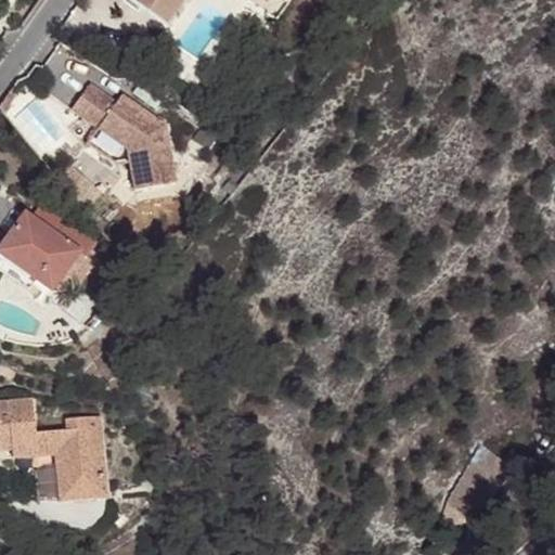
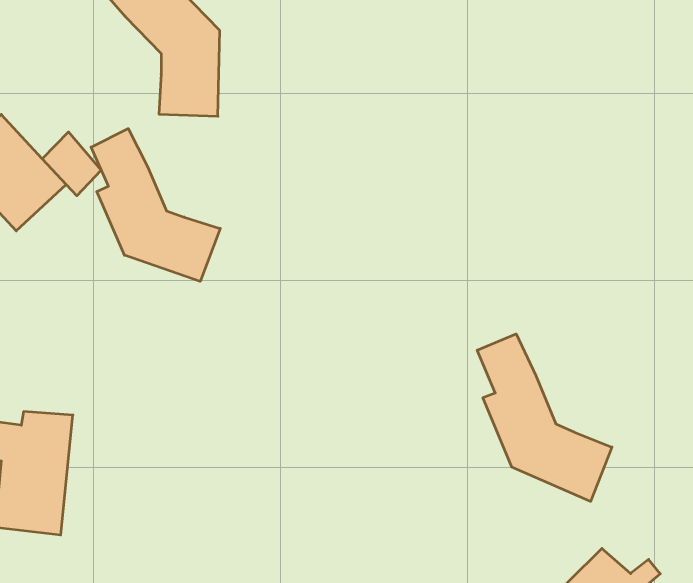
building: none -> [91,129,220,281]
building: none -> [477,334,612,501]

